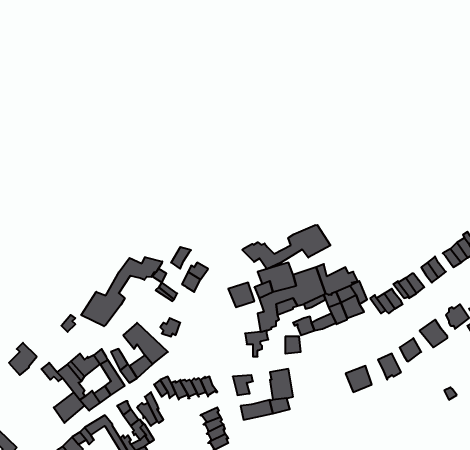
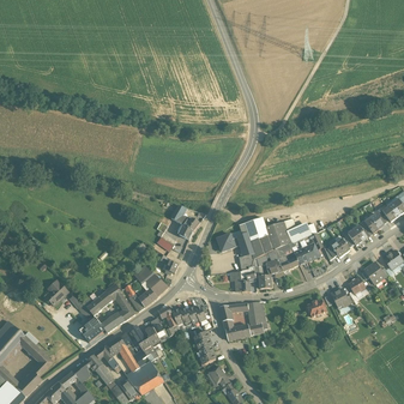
building: [242,225,330,269] -> none
building: [81,257,162,326] -> none

